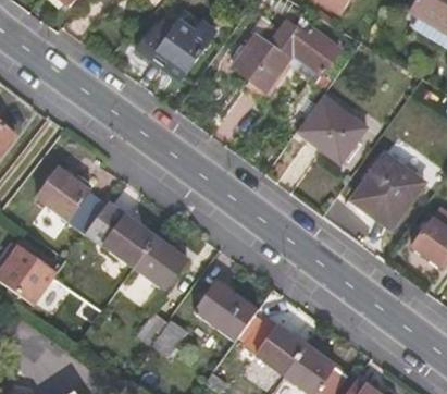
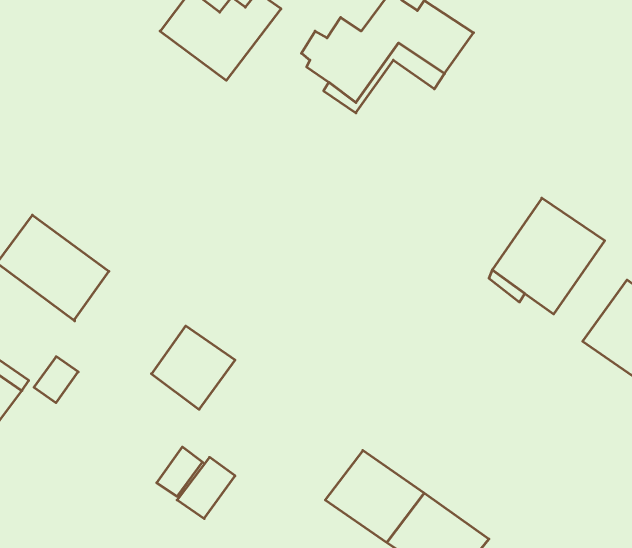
building: [309,102,367,161] -> none
building: [87,200,158,267] -> none
building: [197,280,259,341] -> none

